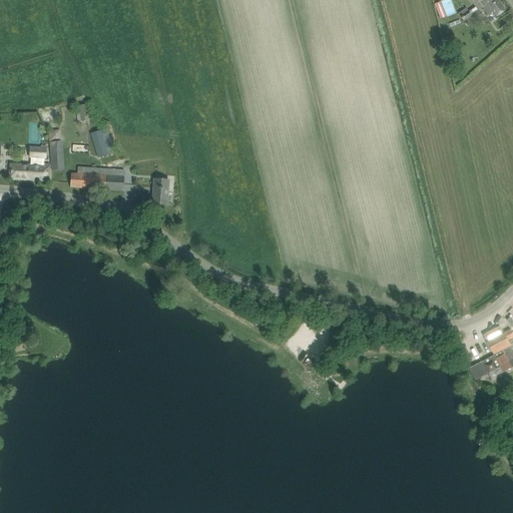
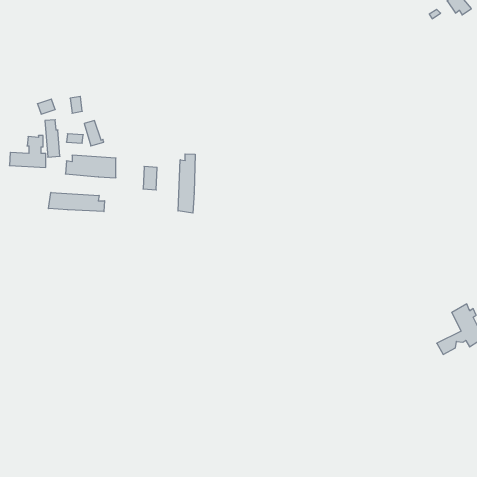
building: none -> [178,154,195,213]
building: none -> [48,192,105,212]

